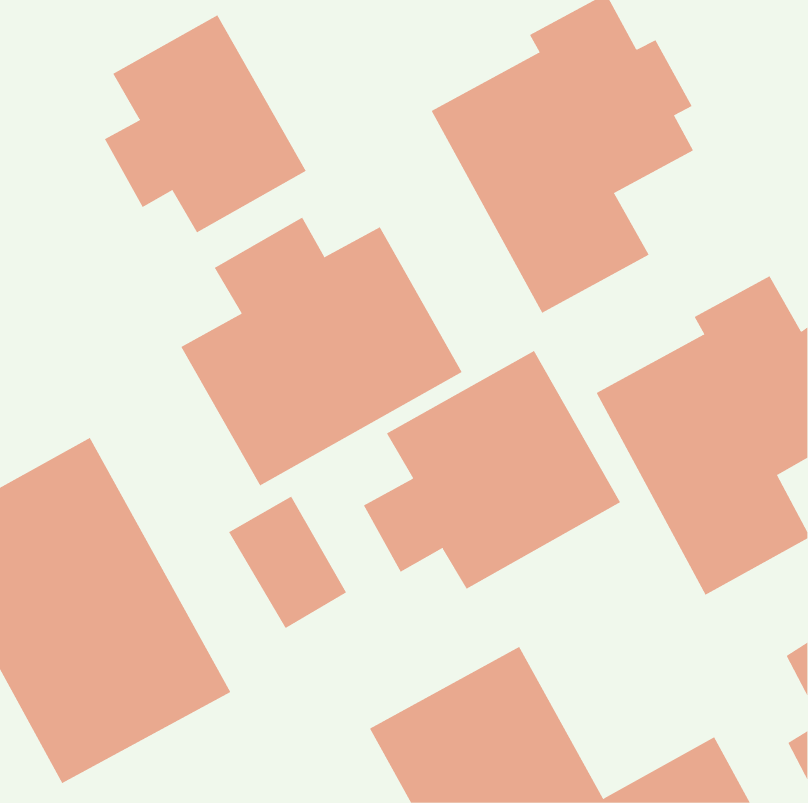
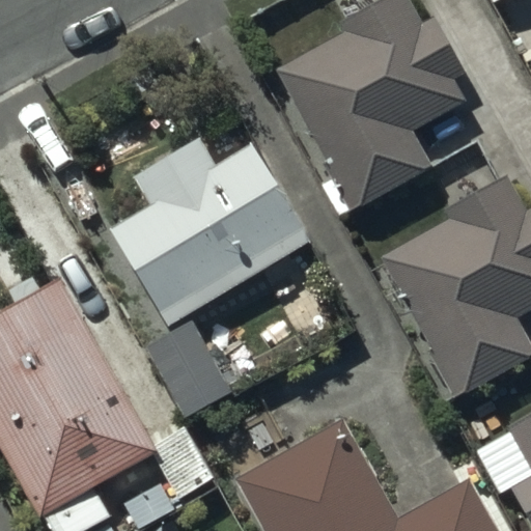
building: [104,15,307,233] -> none
building: [363,350,621,590] -> none

